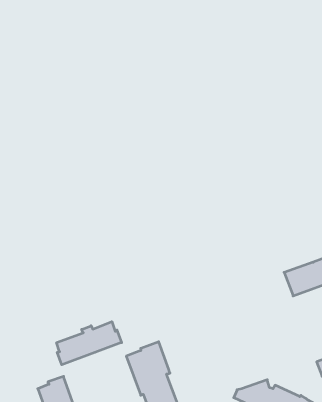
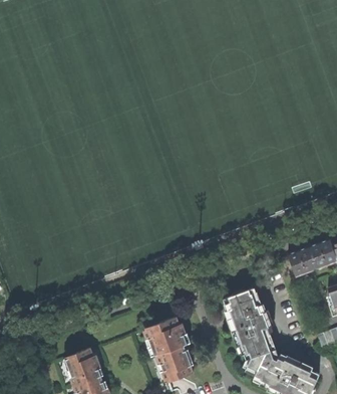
building: none -> [225,289,273,359]
building: [57,322,122,365] -> none

